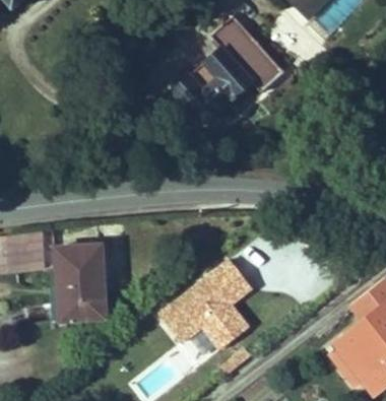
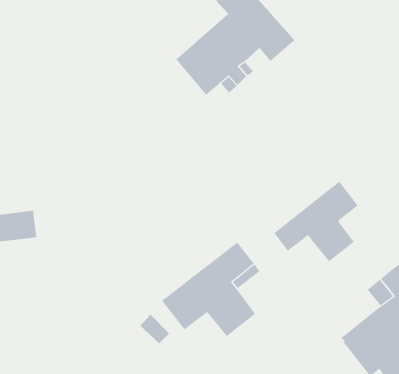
building: none -> [274,181,358,262]
building: [55,244,105,320] -> none

